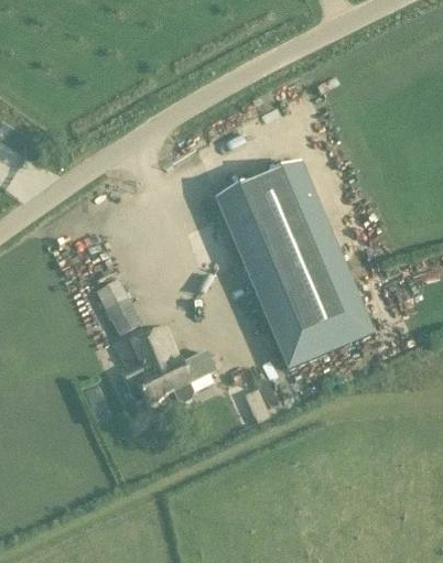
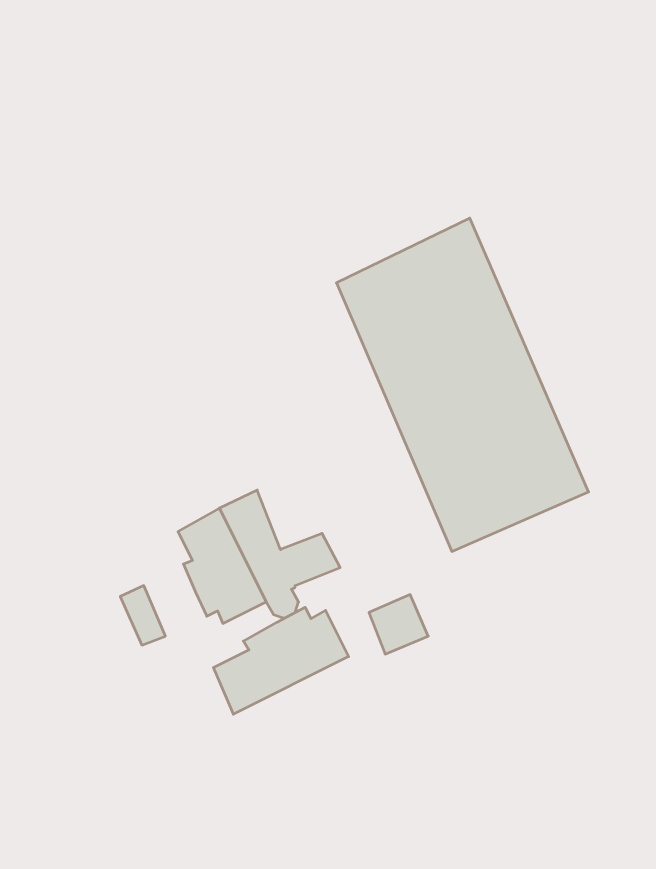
building: [97,279,144,336] -> none
building: none -> [213,607,349,714]

